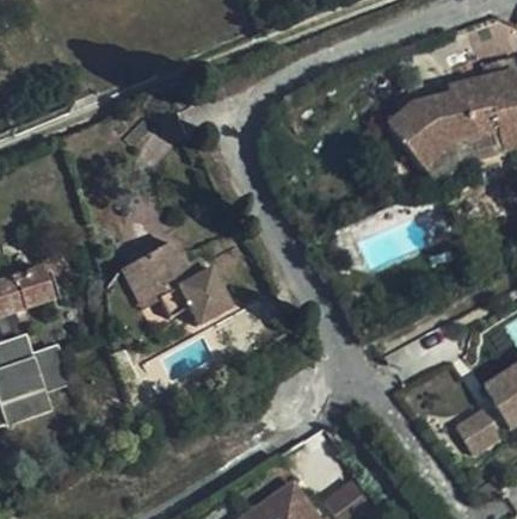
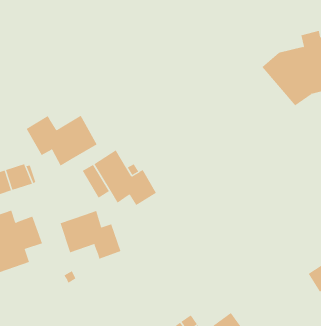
building: none -> [26,115,98,166]
building: none -> [60,210,121,259]

